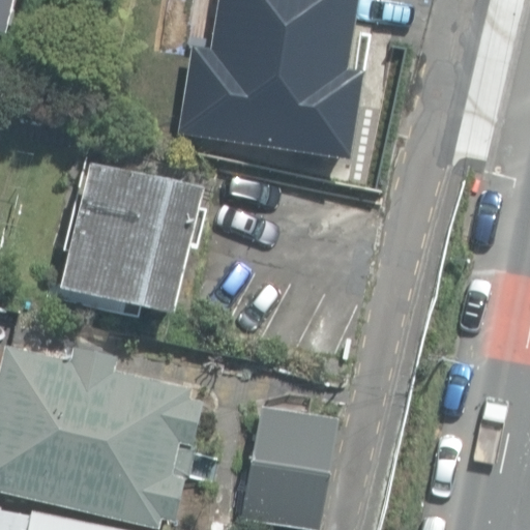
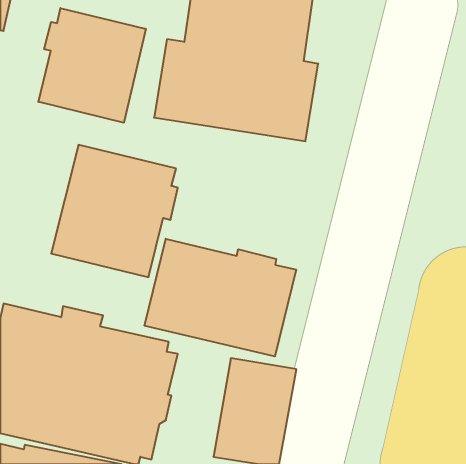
building: none -> [38,8,146,123]
building: none -> [145,239,296,356]

